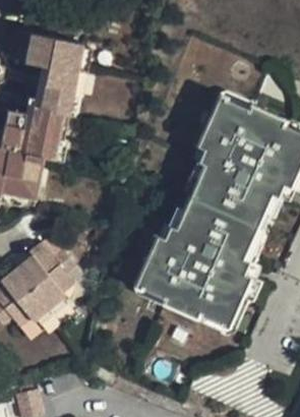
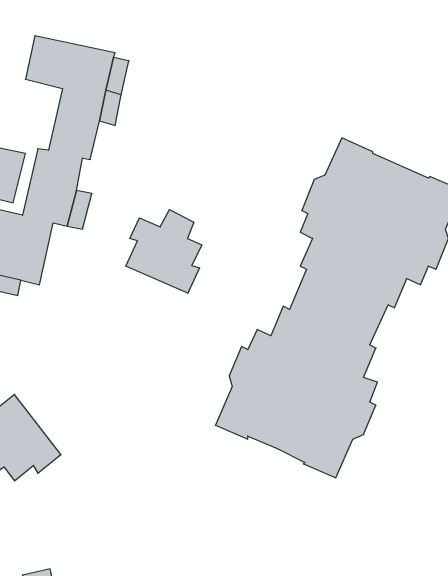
building: none -> [126,210,202,293]
building: [13,243,71,309] -> none

